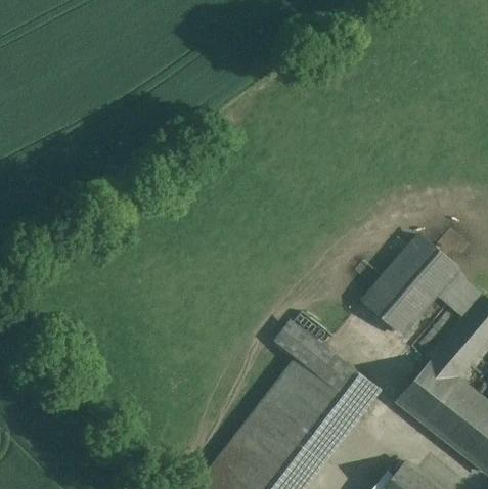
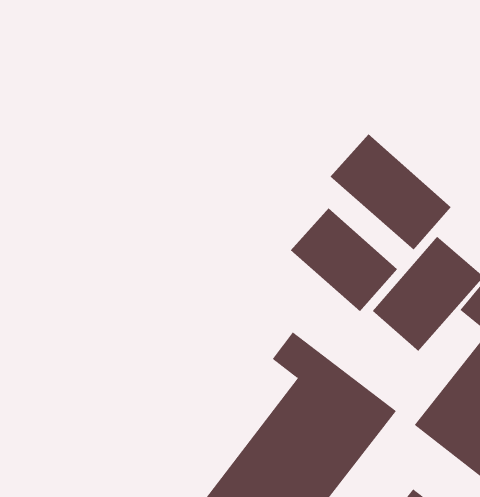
building: none -> [330,133,451,250]
building: none -> [290,207,398,312]

